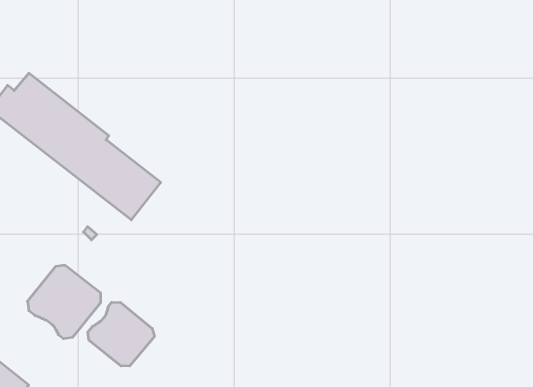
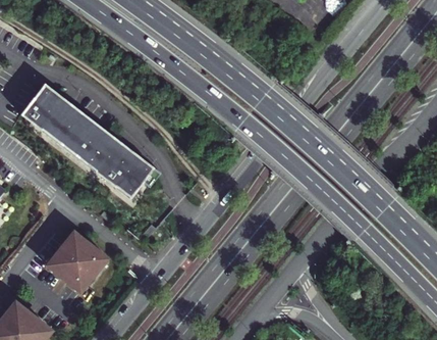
building: [88,302,154,366] -> none

